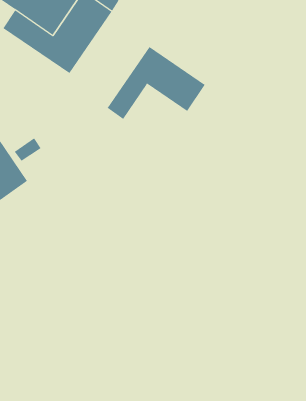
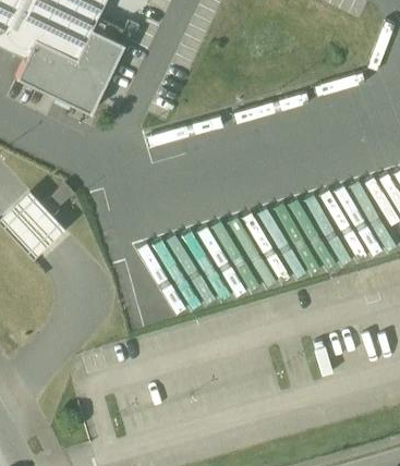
building: [107,46,205,120] -> none

